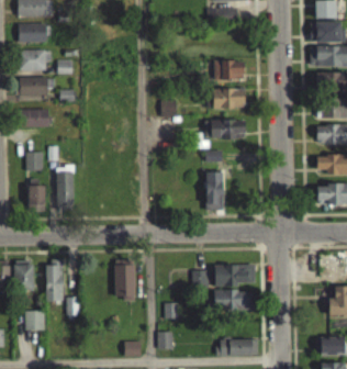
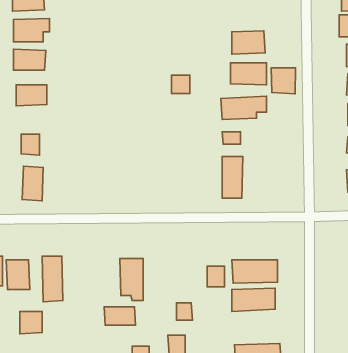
building: none -> [271,68,296,94]
building: [56,167,74,210] -> none
building: none -> [104,307,135,325]

